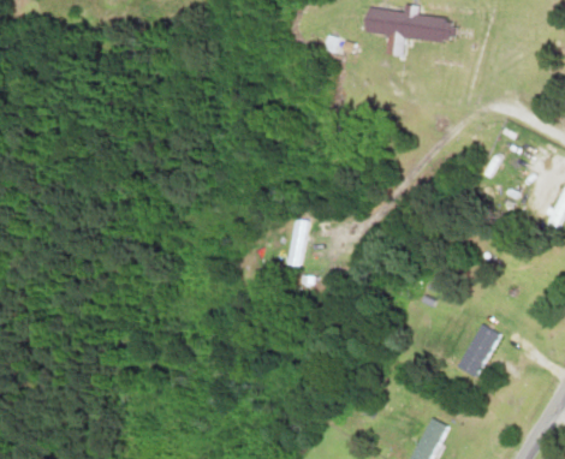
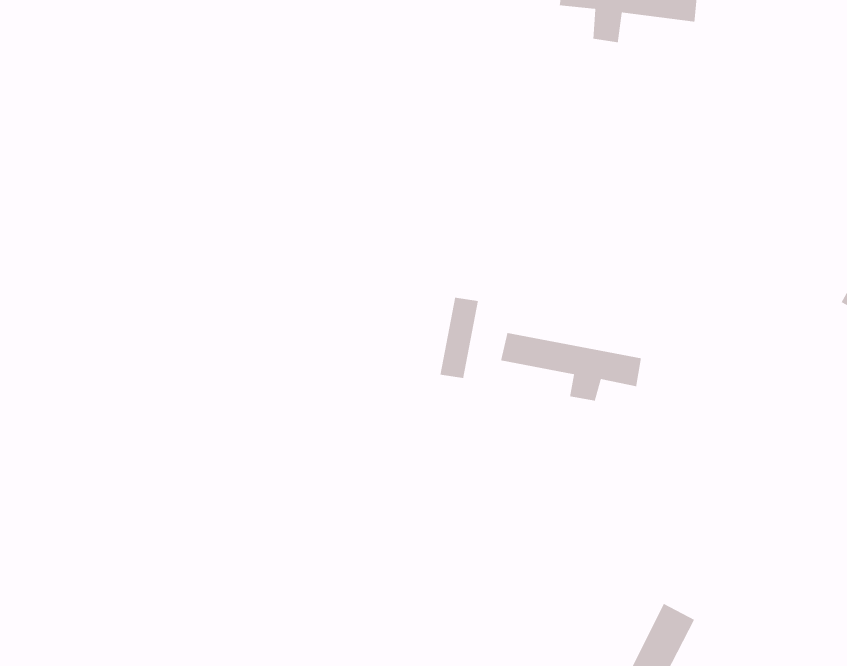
building: none -> [500,332,642,402]
building: [456,323,501,378] -> none

